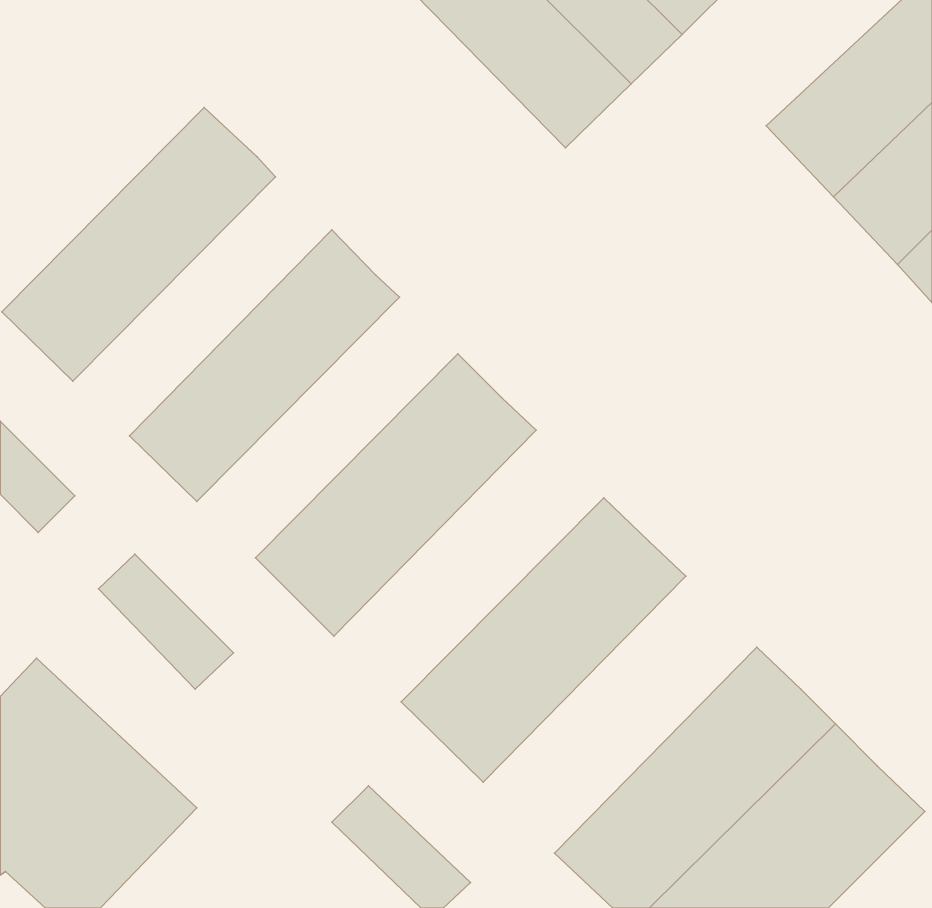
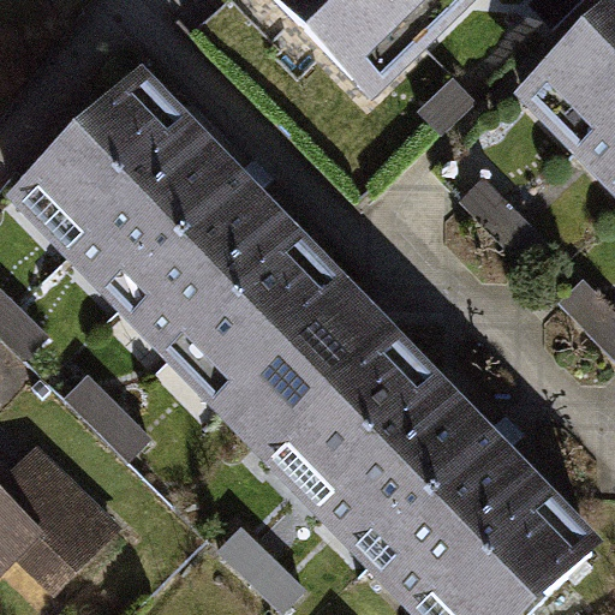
building: none -> [48,117,219,287]
building: none -> [130,196,301,368]
building: none -> [220,283,398,462]
building: none -> [318,380,498,562]

